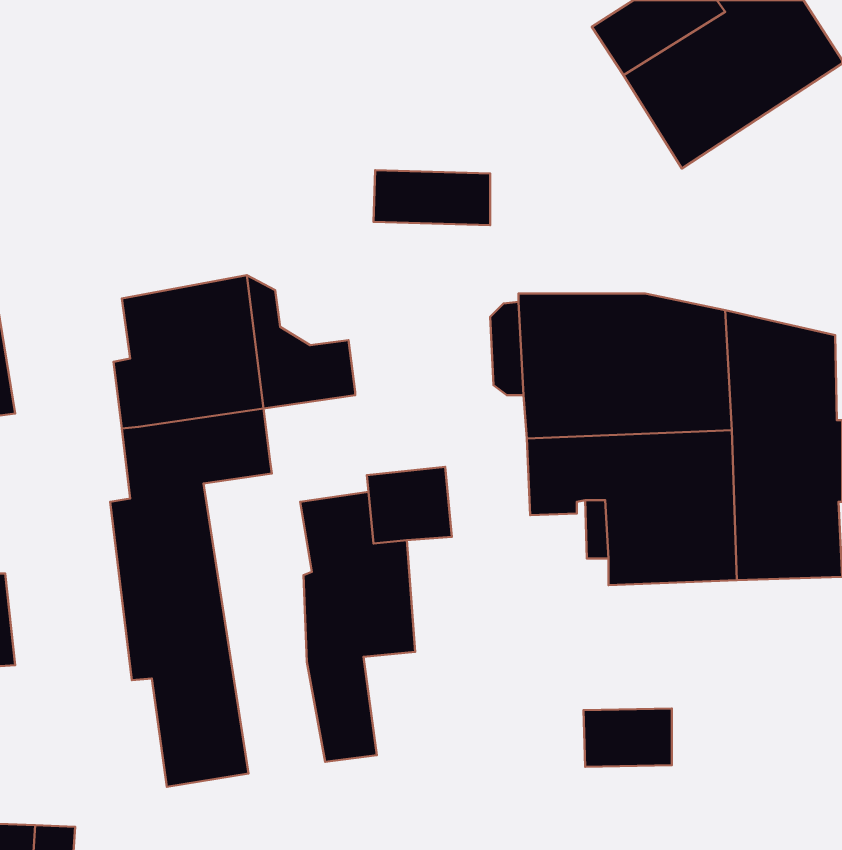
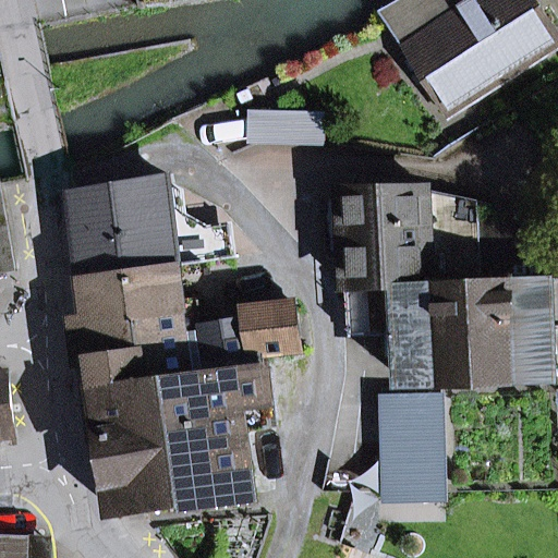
building: none -> [133,301,213,507]
building: none -> [377,399,439,465]

